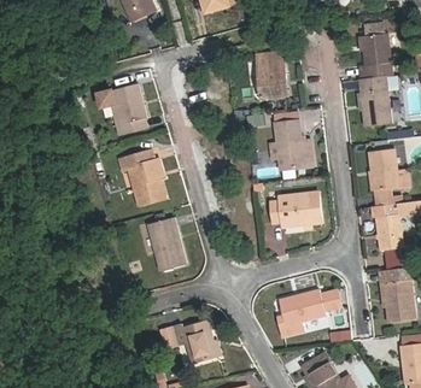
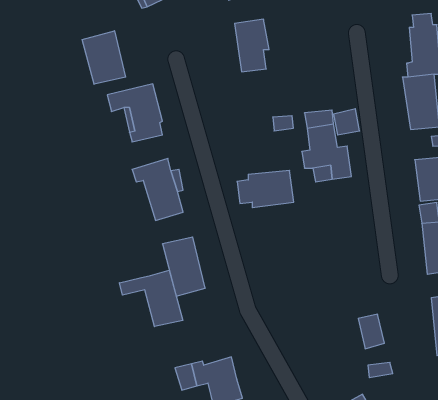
building: none -> [82,31,126,84]
building: [256,51,286,96] -> [235,19,269,72]
building: [270,194,320,227] -> [237,170,294,208]
building: none -> [119,270,183,327]
building: [280,294,315,335] -> none

